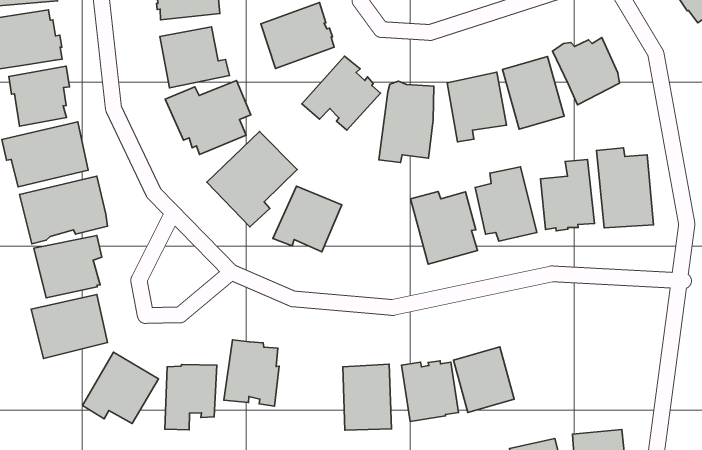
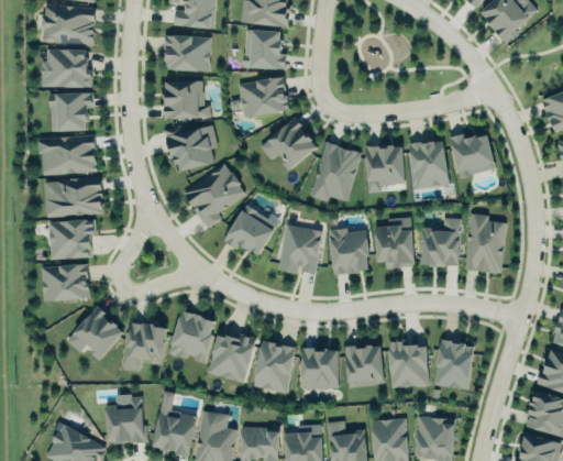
building: none -> [279,226,321,274]
building: none -> [435,341,473,388]
building: none -> [389,343,428,387]
building: none -> [207,332,256,383]

